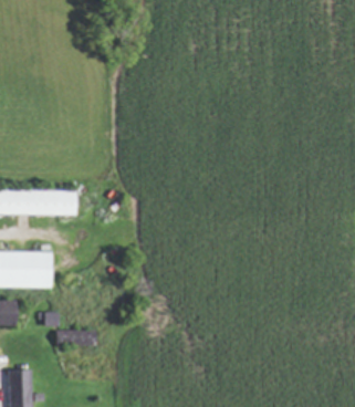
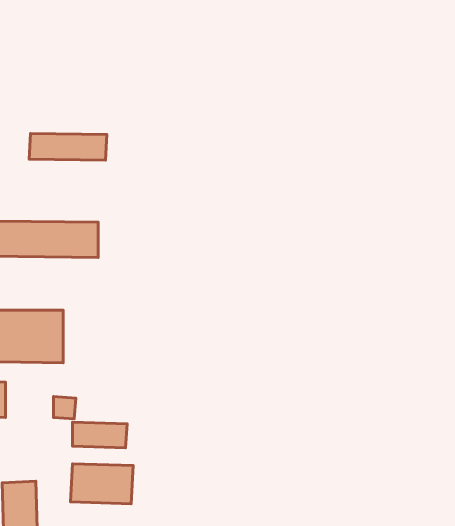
building: none -> [29,134,107,160]
building: none -> [71,464,133,504]

